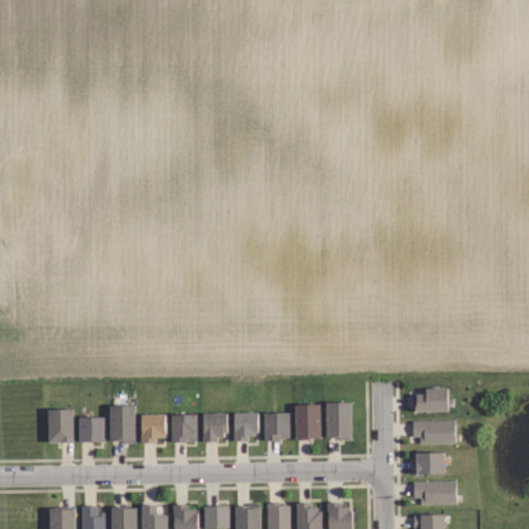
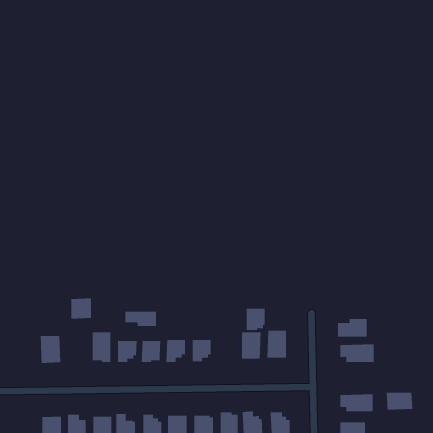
building: none -> [125,311,156,327]
building: [266,413,289,440] -> [246,308,265,330]
building: [79,416,104,442] -> [71,298,92,319]
building: [412,453,445,474] -> [386,392,413,410]

